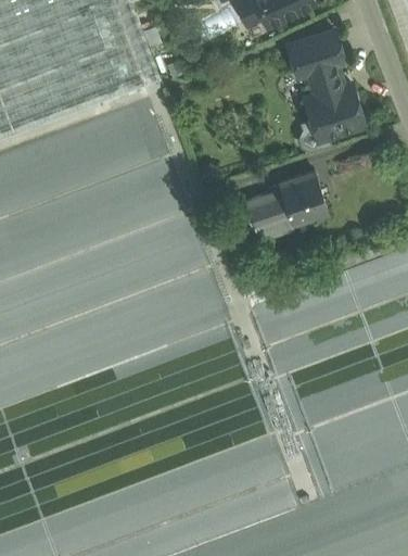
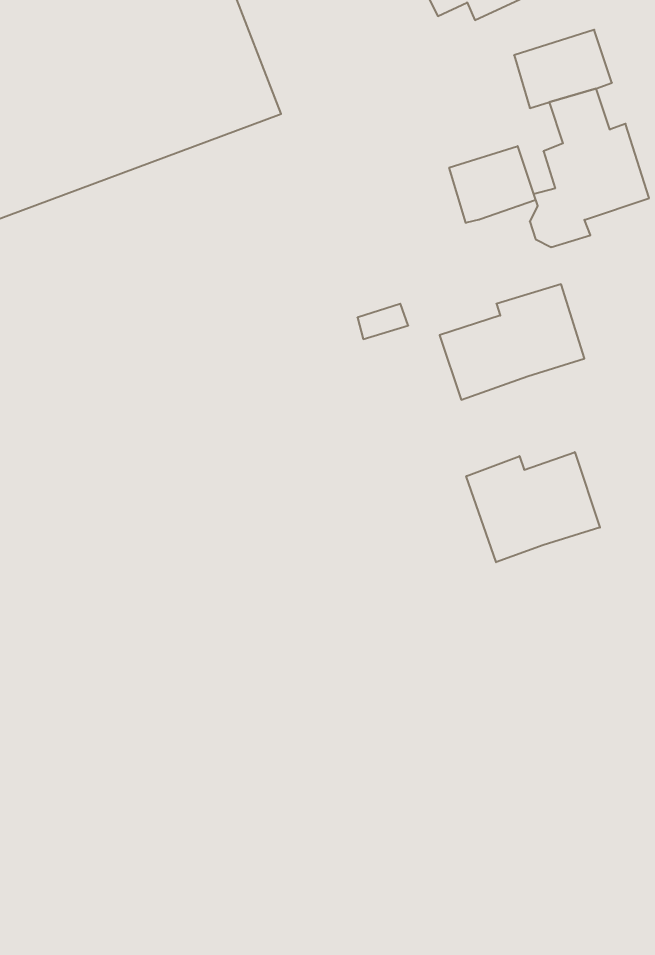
building: none -> [449,146,536,223]
building: none -> [466,452,600,562]

